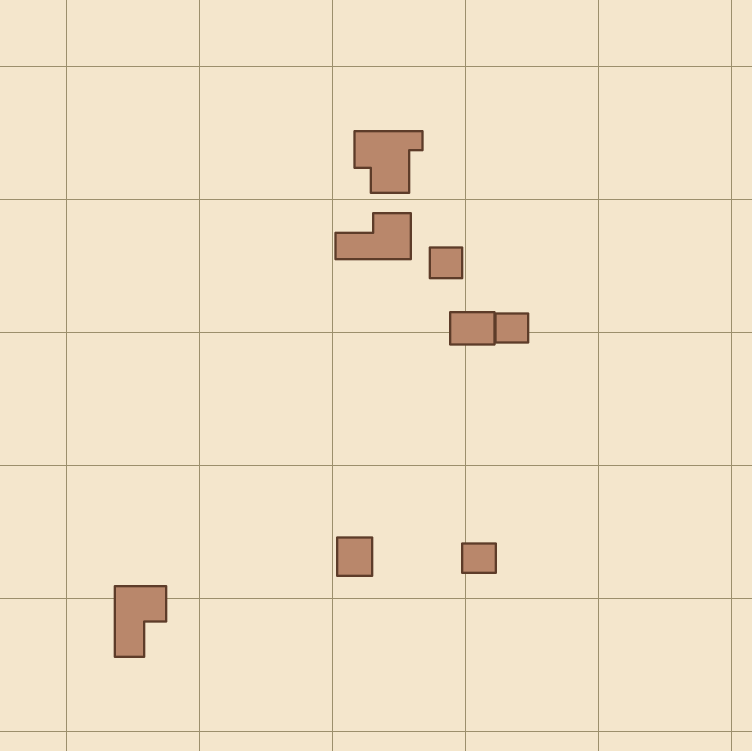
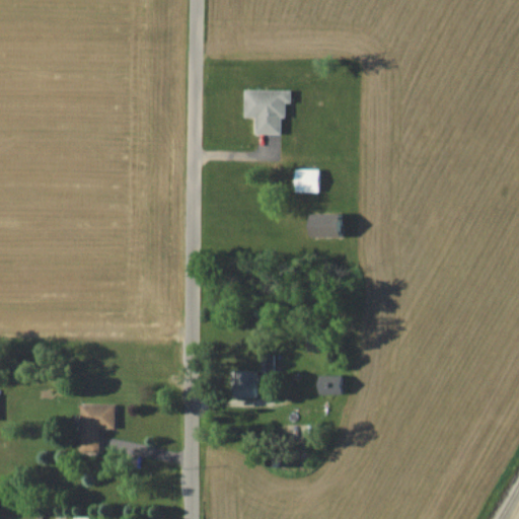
building: [336,213,411,259] -> none
building: [495,313,528,342] -> none

